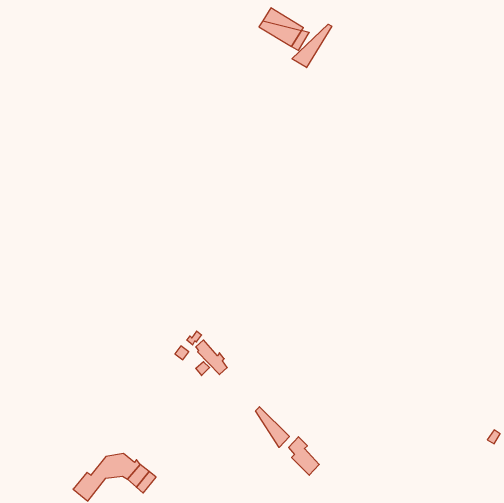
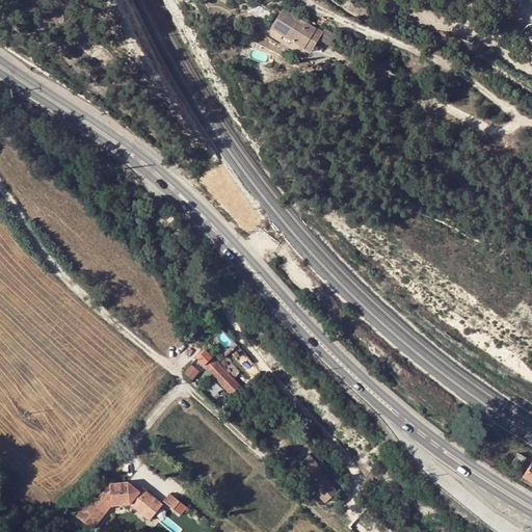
building: [292,24,332,68] -> none
building: [256,407,289,447] -> none

